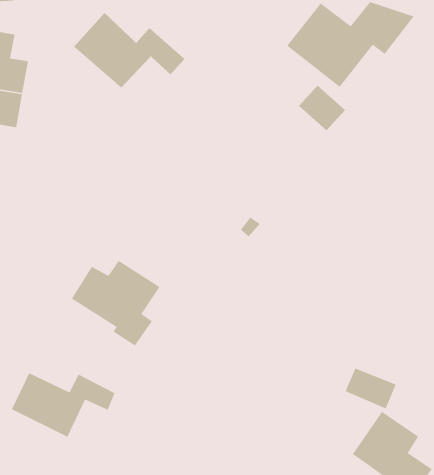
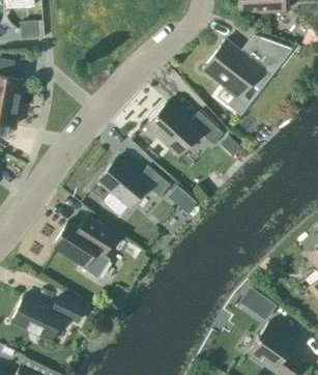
building: [73,12,185,89] -> [146,100,224,153]
building: none -> [97,156,170,217]

